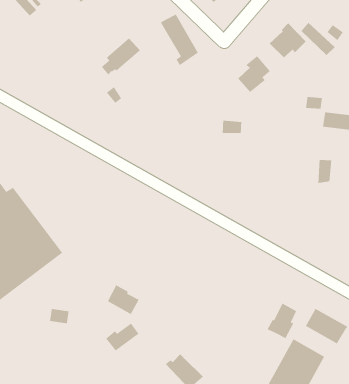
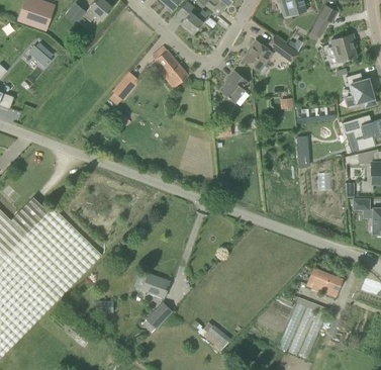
building: [267,303,297,339] -> none

